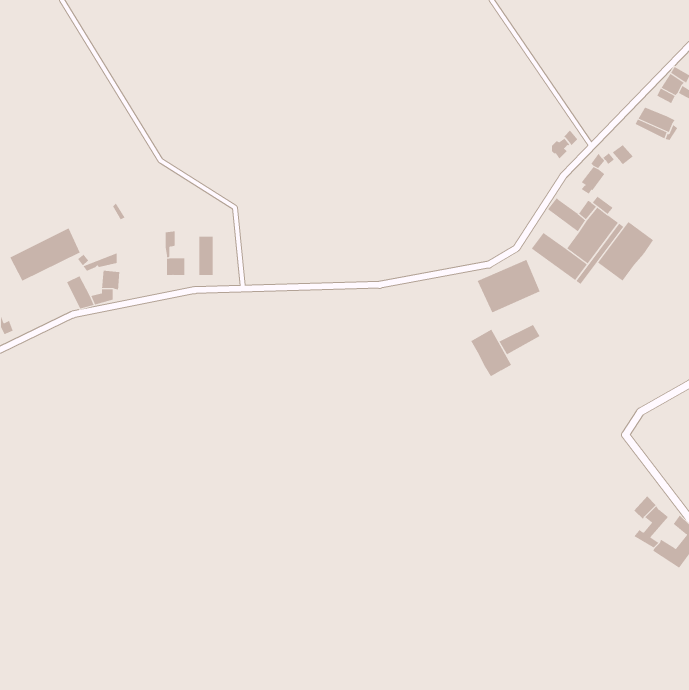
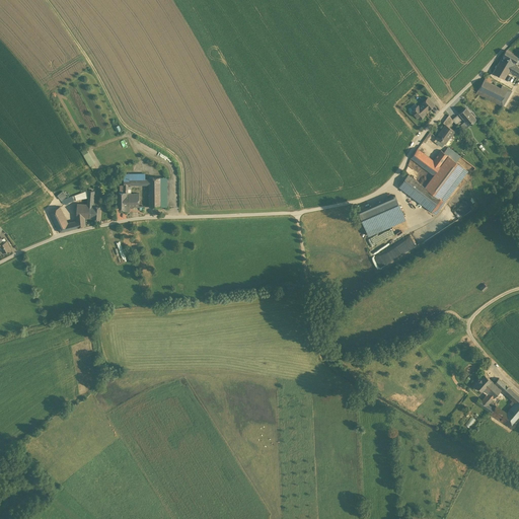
building: [597,221,654,282] -> none
building: [9,228,80,281] -> none
building: [470,329,512,377] -> none

